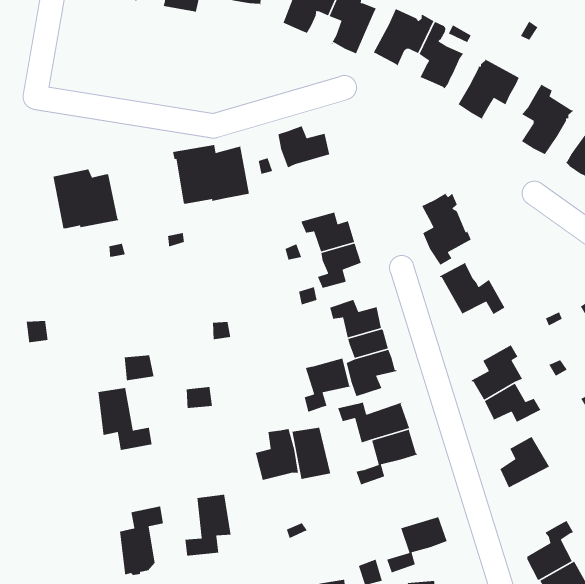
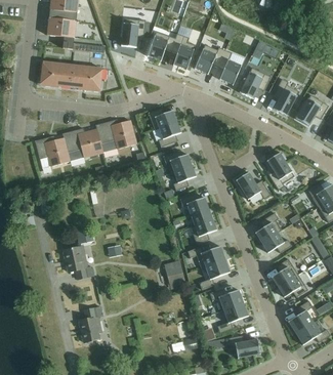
building: none -> [40,60,102,91]
building: none -> [153,121,181,147]
building: none -> [63,127,103,160]
building: [420,192,472,266] -> [266,152,294,190]
building: [304,358,351,413] -> none
building: [254,428,299,481] -> none
building: none -> [278,274,308,296]
building: none -> [210,288,243,309]
building: [184,494,232,556] -> none

